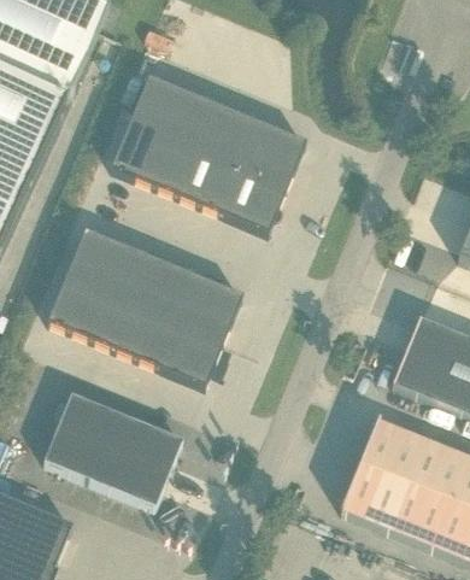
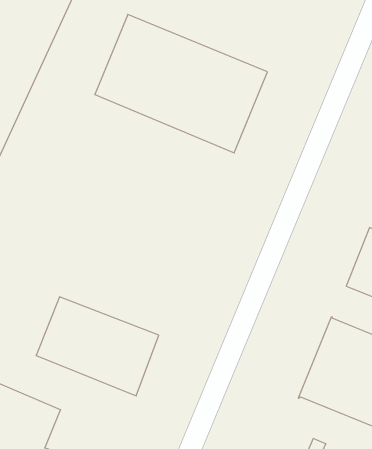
building: [46,227,242,383] -> none

